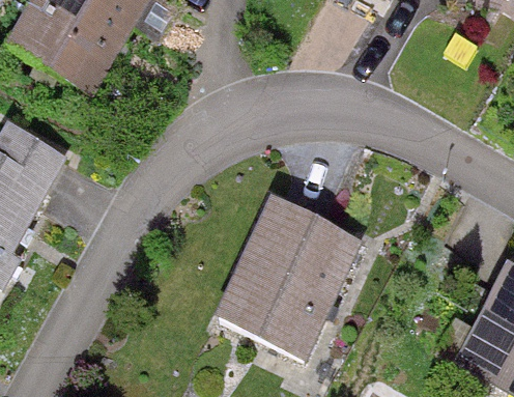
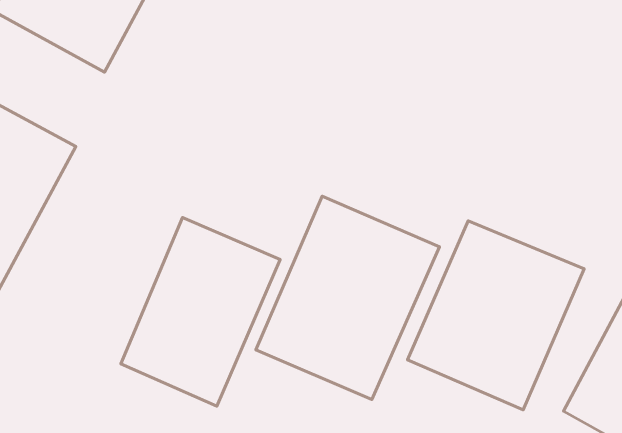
building: none -> [121,218,280,406]
building: none -> [408,221,584,410]

